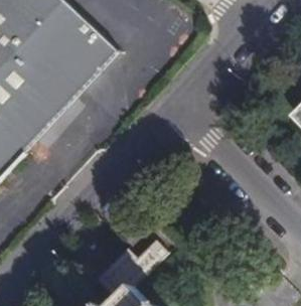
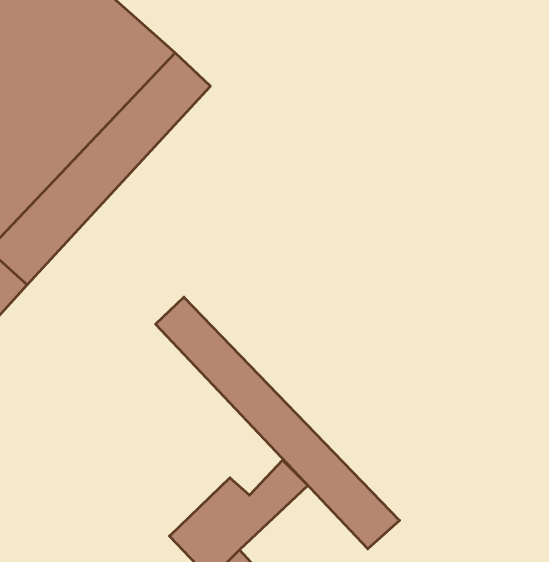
building: none -> [156,297,400,549]

